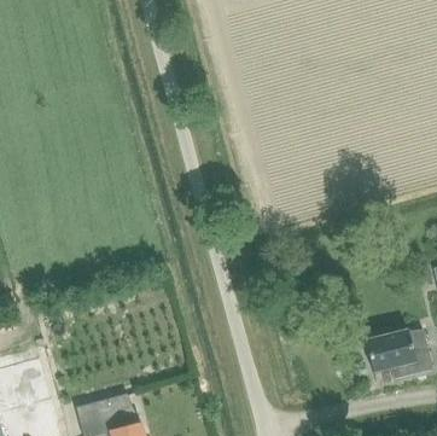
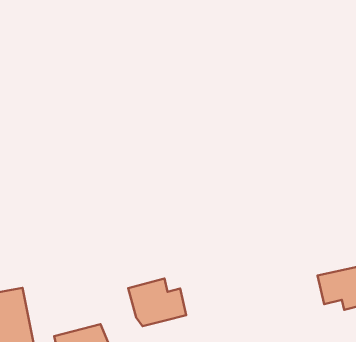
building: none -> [128,278,186,326]

